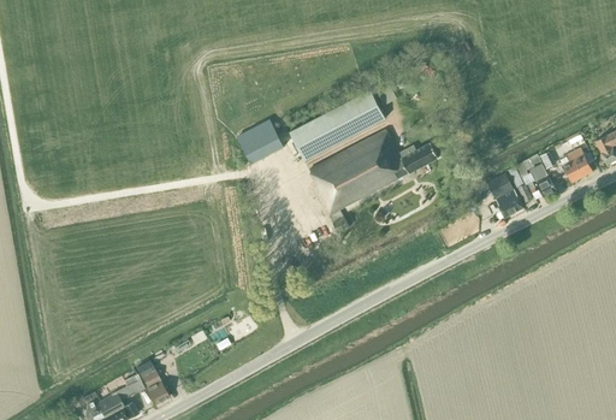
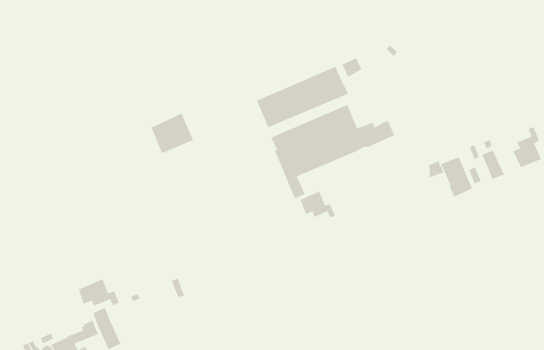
building: [238,119,284,164] -> [151,113,194,154]
building: none -> [300,191,336,218]
building: none -> [78,279,120,307]

